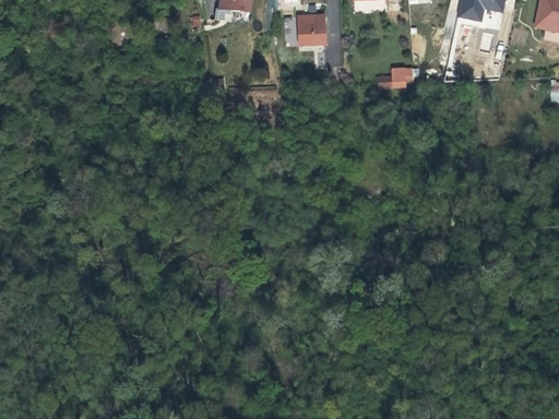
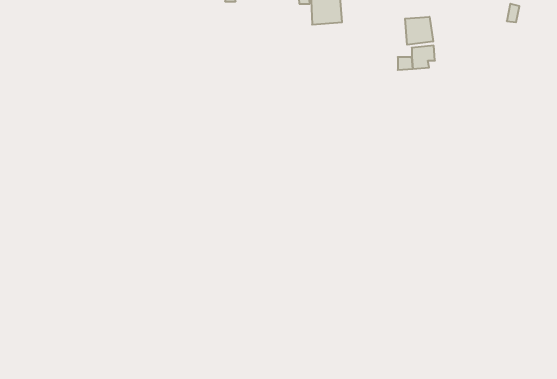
building: none -> [405,17,433,45]

